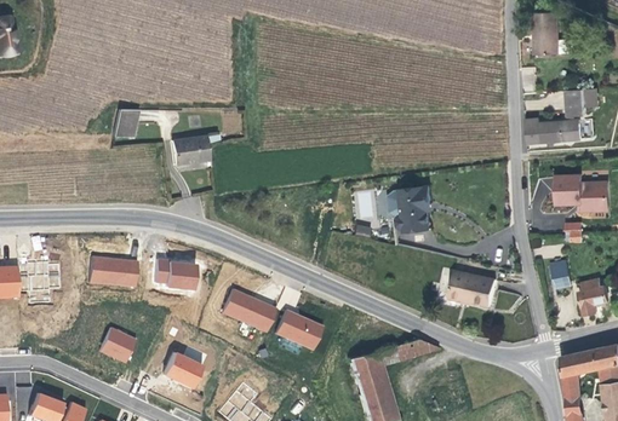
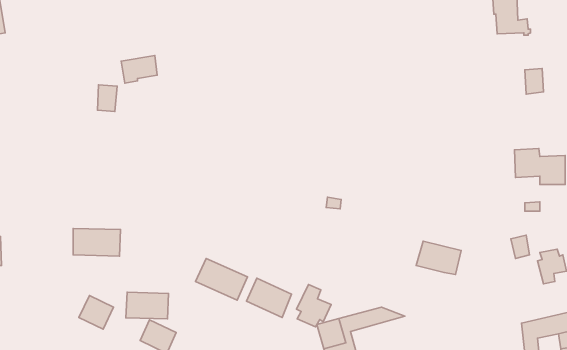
building: [525,116,580,144] -> none
building: [171,135,208,165] -> [121,55,157,83]
building: [390,185,433,231] -> none
building: [156,260,201,288] -> [126,292,169,319]
building: none -> [296,285,331,327]

